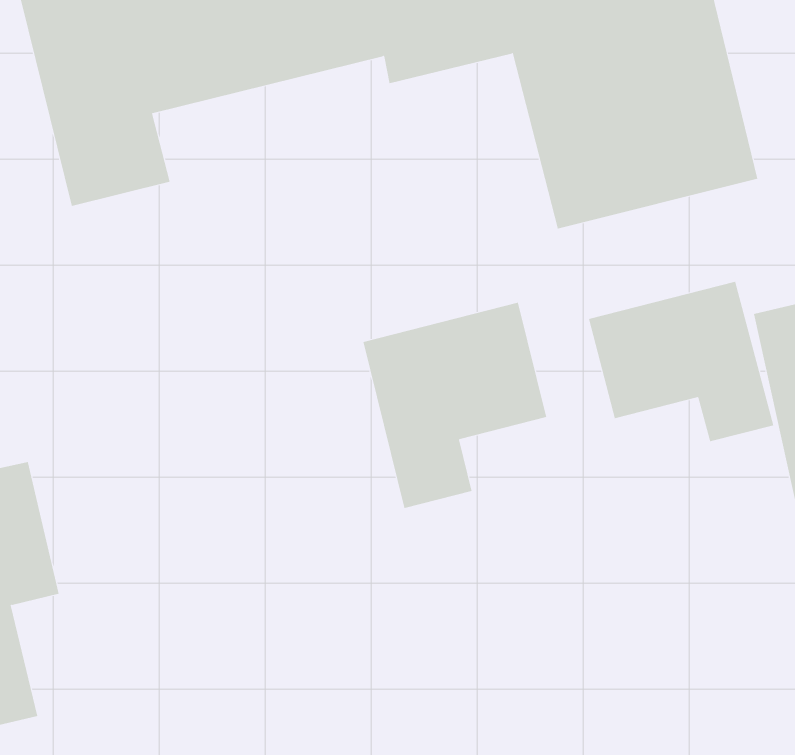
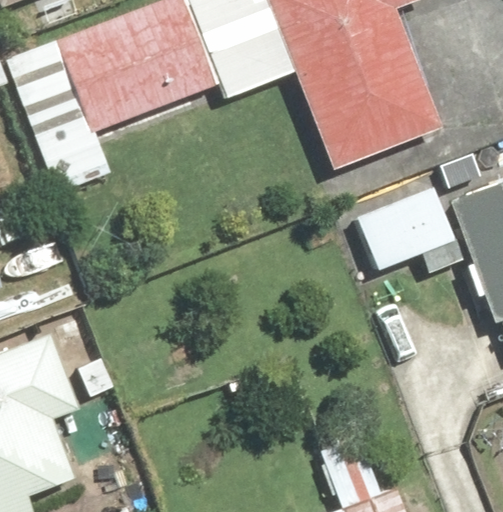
building: [363,302,547,509] -> none

